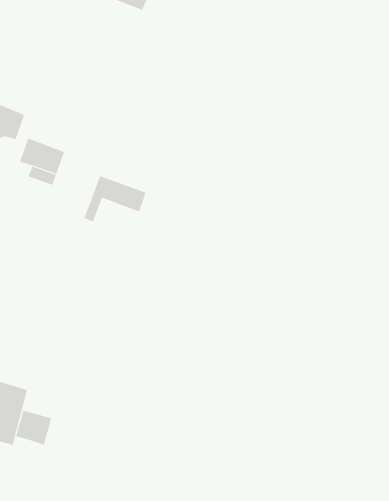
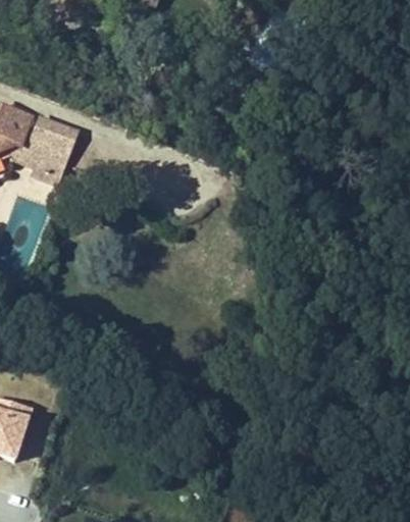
building: [84,175,146,222] -> [12,121,76,169]
building: [15,410,52,446] -> none

